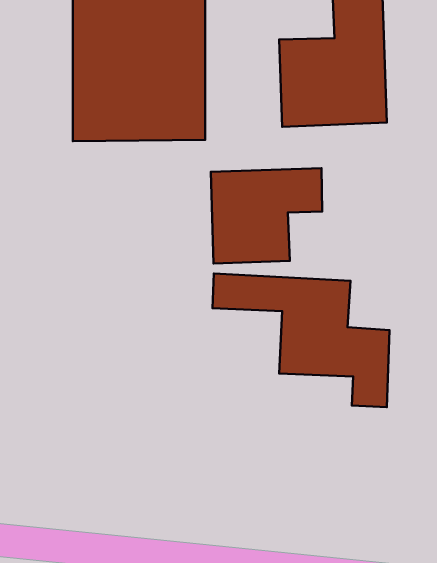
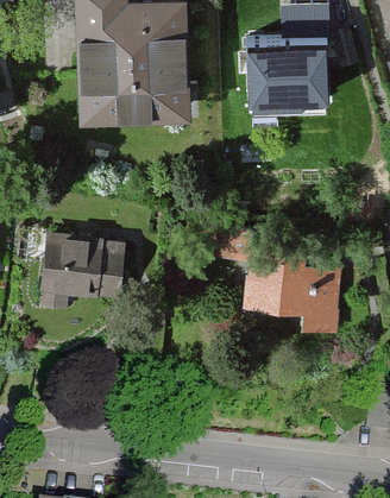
building: [211,168,322,264] -> none
building: none -> [25,242,132,319]

